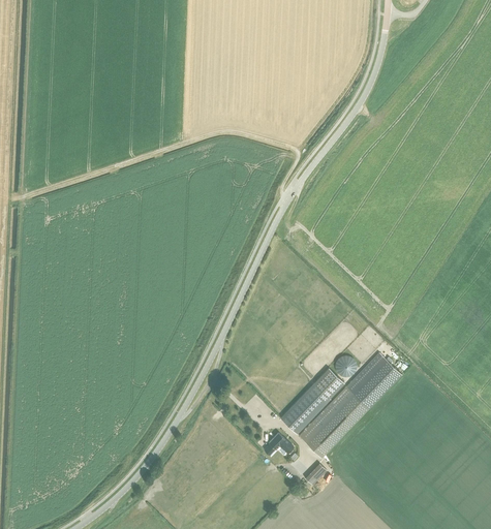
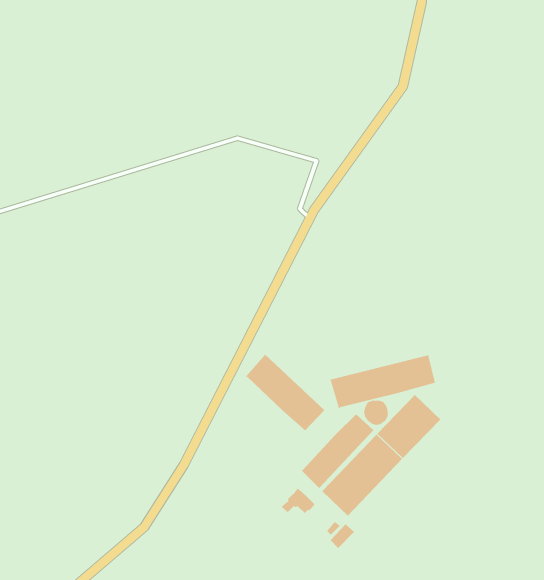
building: none -> [245,354,325,431]
building: none -> [330,355,436,409]

